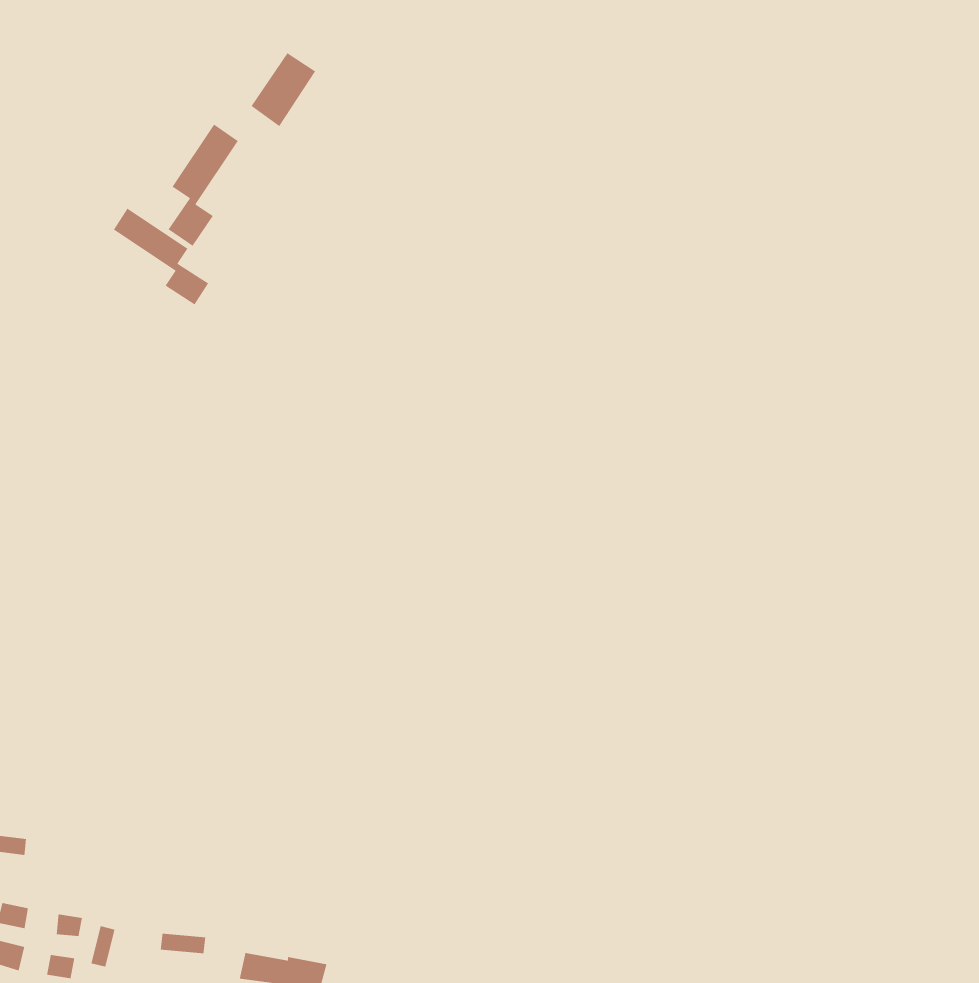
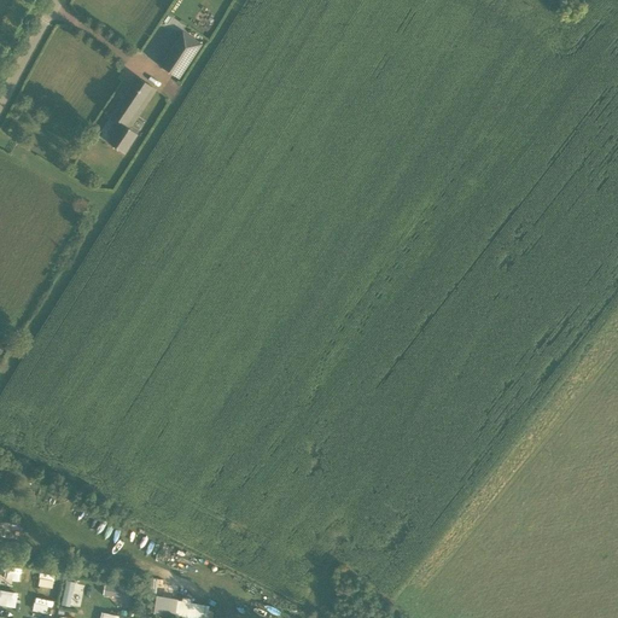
building: [113,208,209,305] -> none

